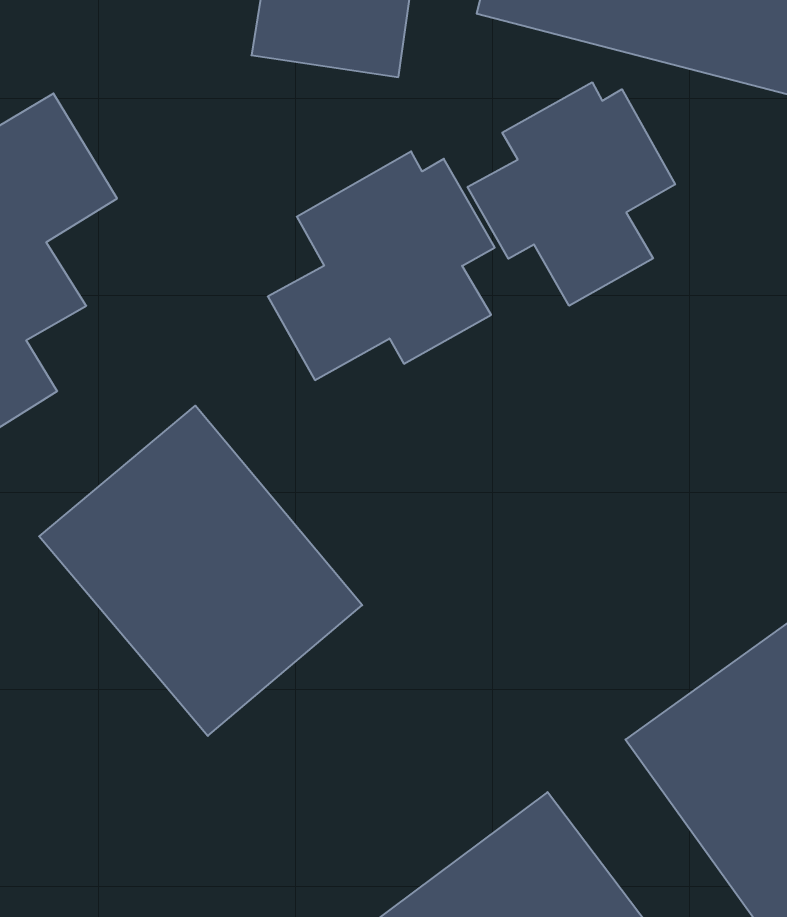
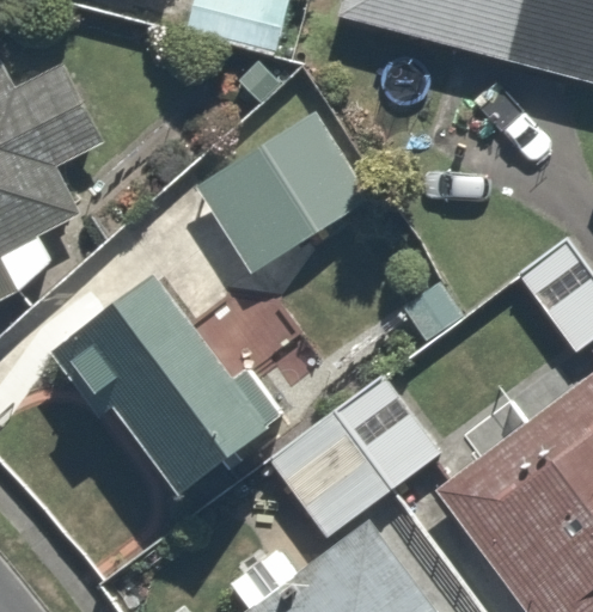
building: [468,82,675,306] -> none
building: none -> [268,373,438,533]

